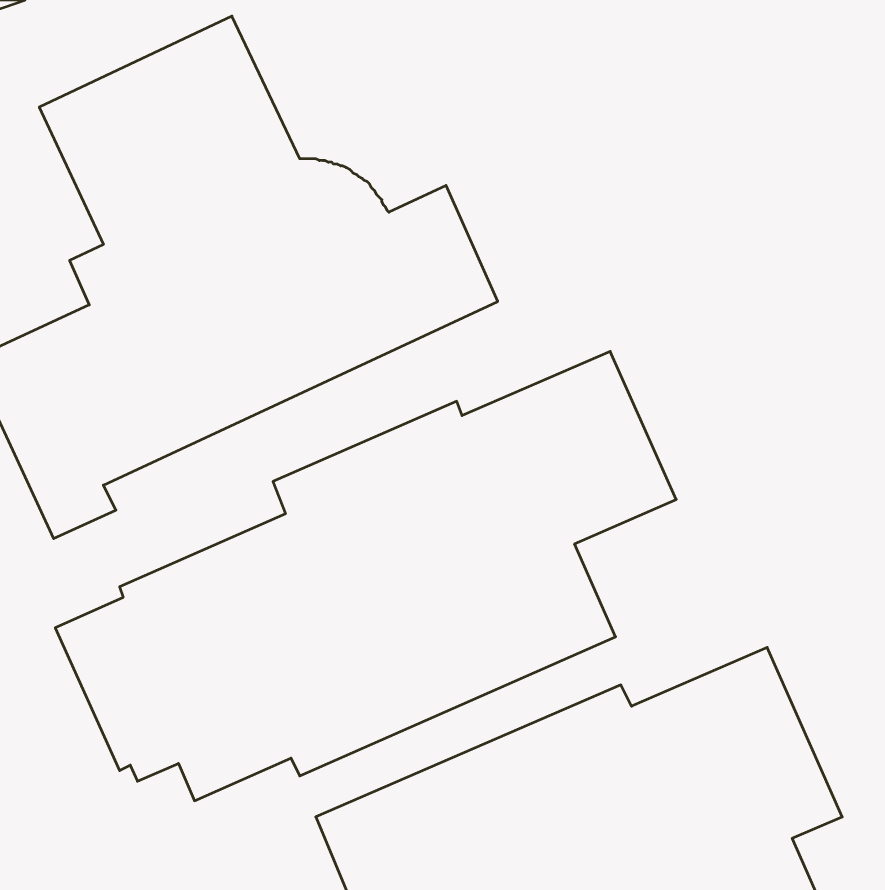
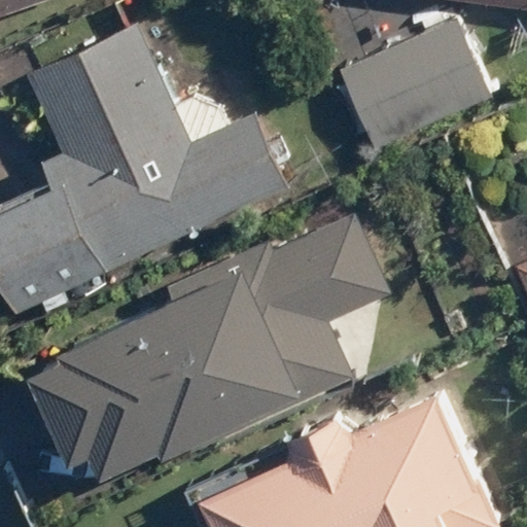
building: none -> [330,24,489,154]

